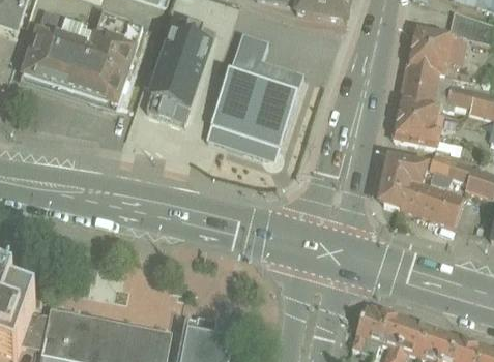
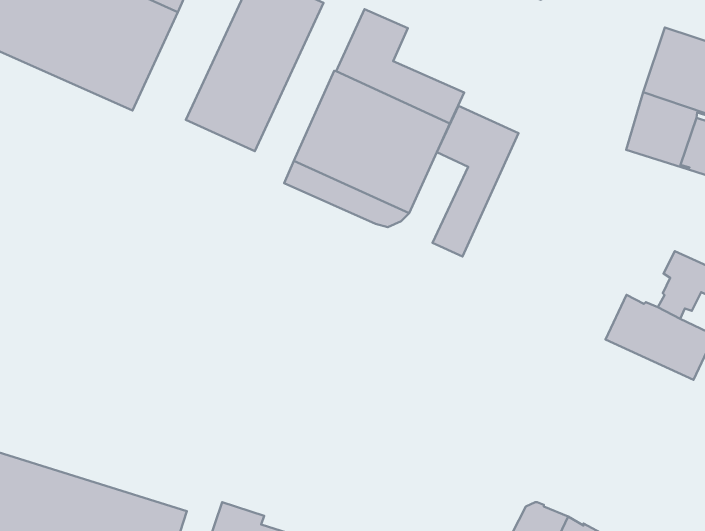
building: none -> [433,106,518,256]
building: [391,99,439,147] -> none
building: [379,157,426,209] -> none

